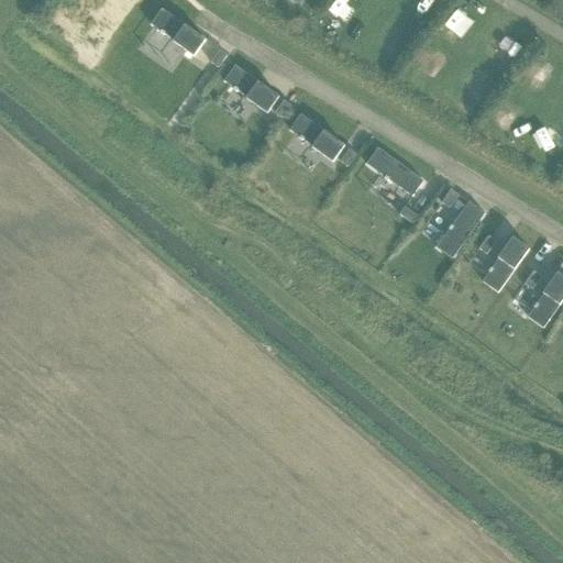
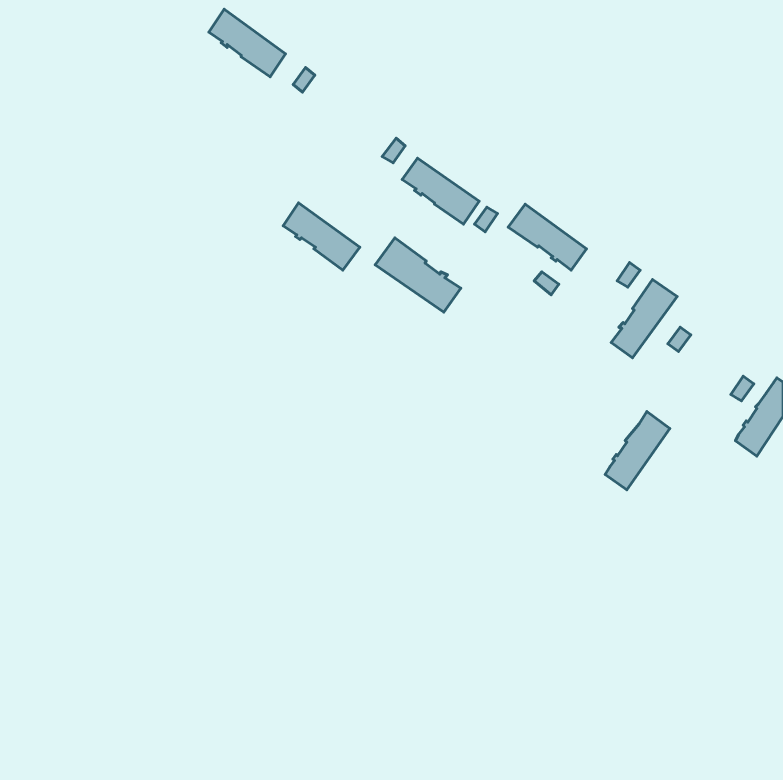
building: [223,64,278,112] -> [283,203,360,270]
building: none -> [375,238,461,312]
building: [482,235,528,291] -> [605,411,670,490]

